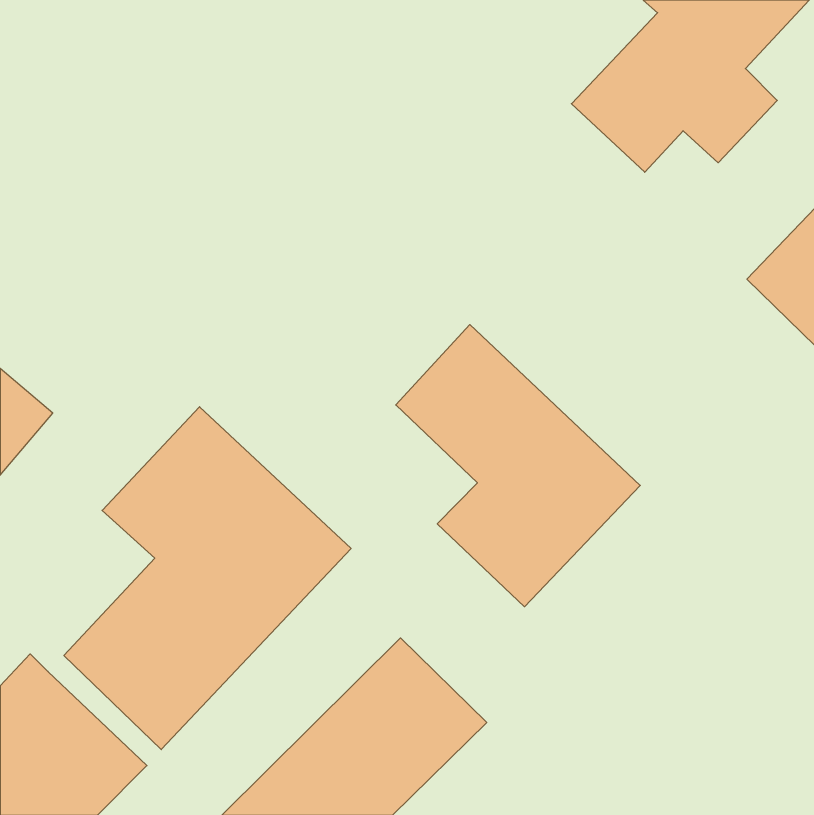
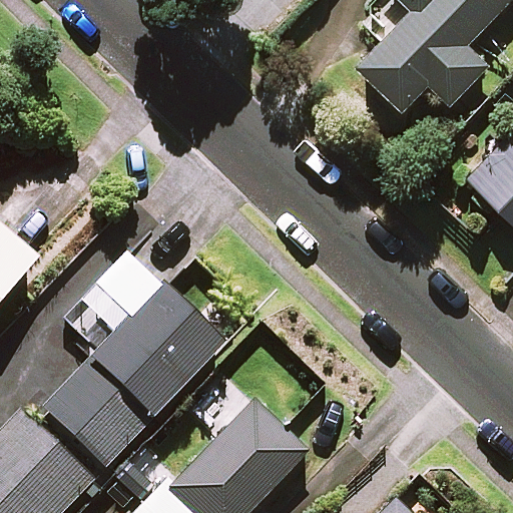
building: [396,325,640,607] -> none

